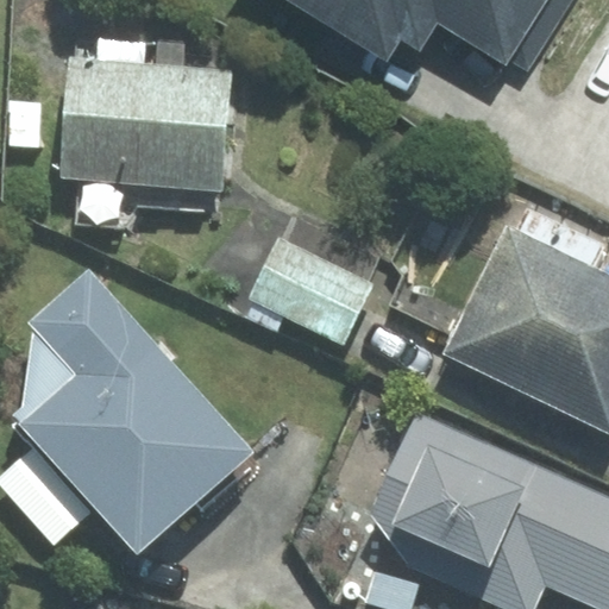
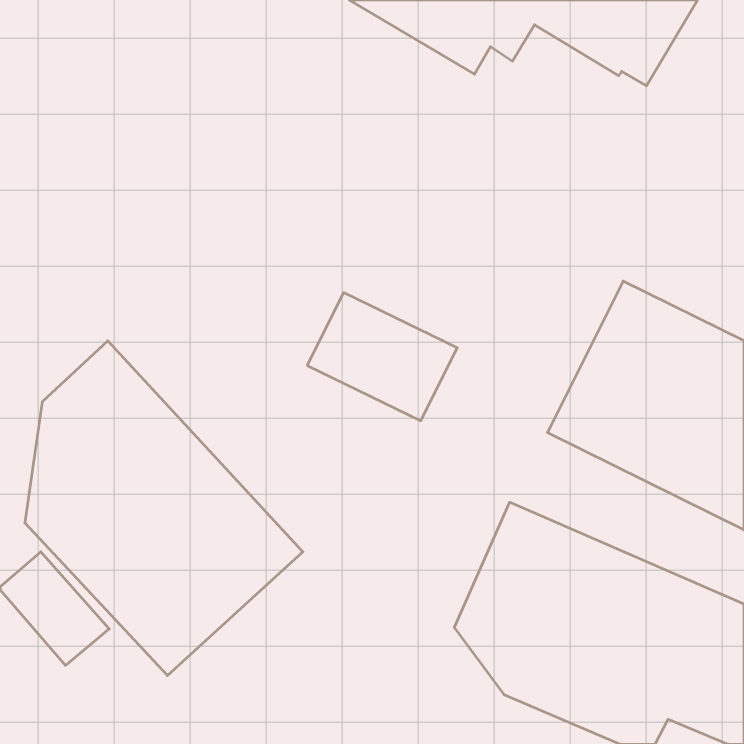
building: [61,59,231,190] -> none

